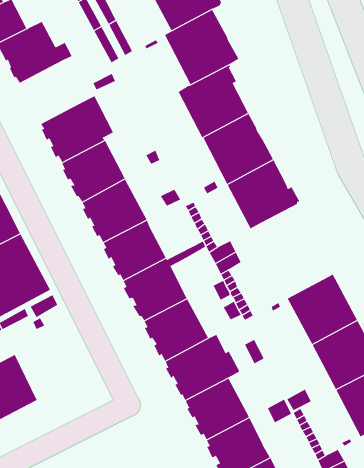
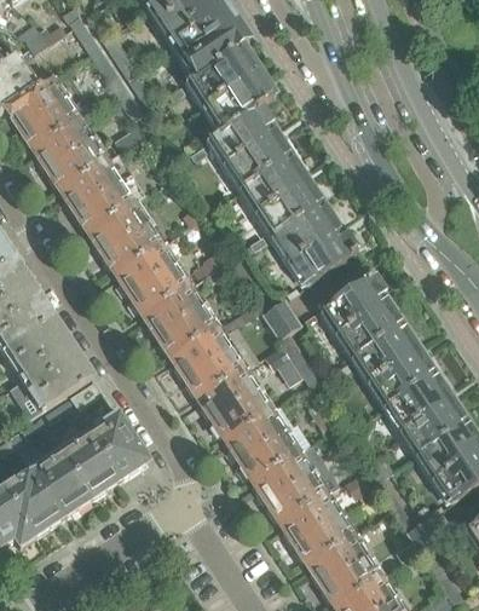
building: none -> [34,120,108,192]
building: none -> [322,276,403,358]
building: none -> [59,411,144,498]

